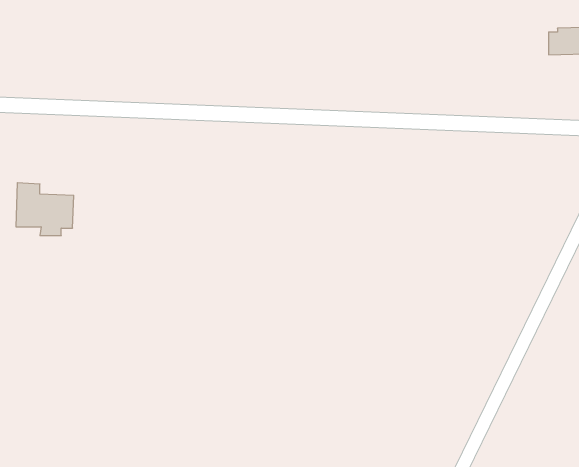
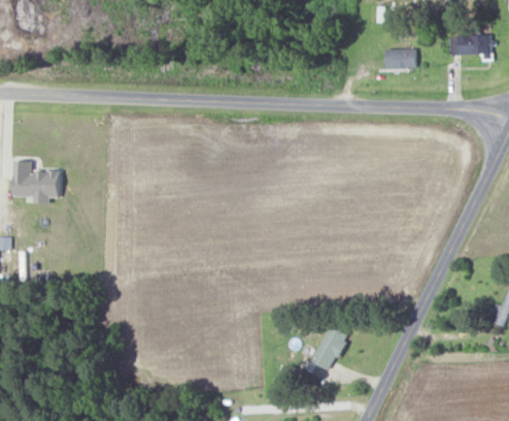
building: none -> [385,47,416,67]
building: none -> [312,328,348,369]

